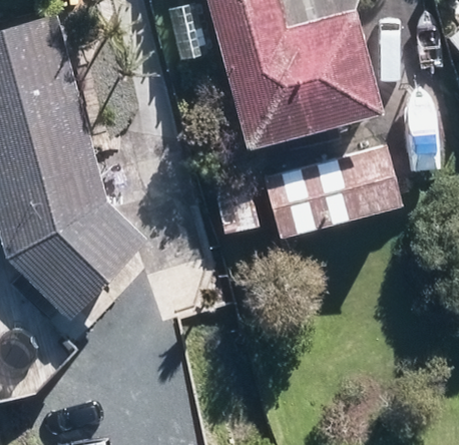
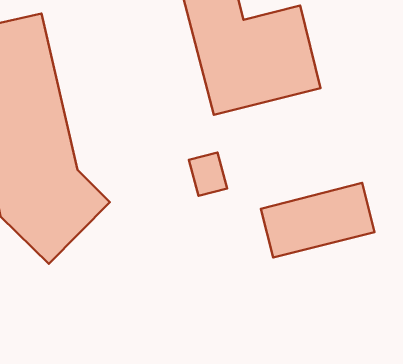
building: [267,149,394,233] -> [261,183,375,257]

